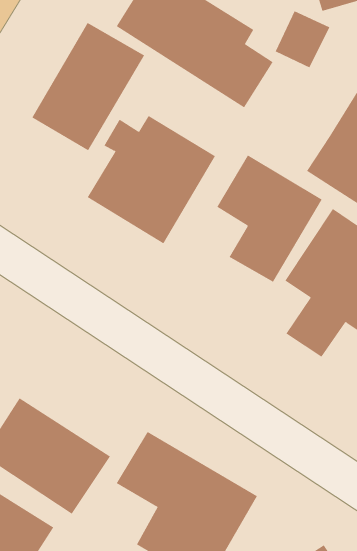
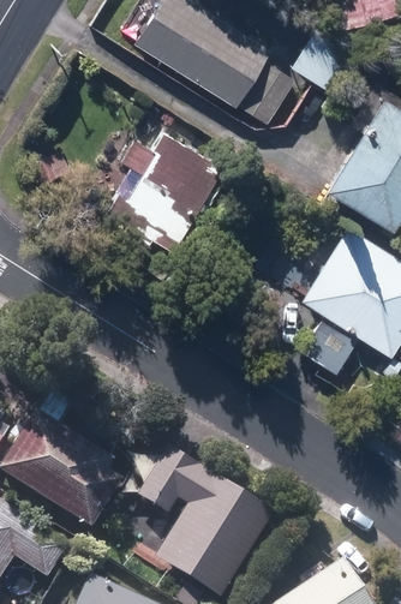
building: [32,22,145,151] -> none
building: [217,154,323,283] -> none

